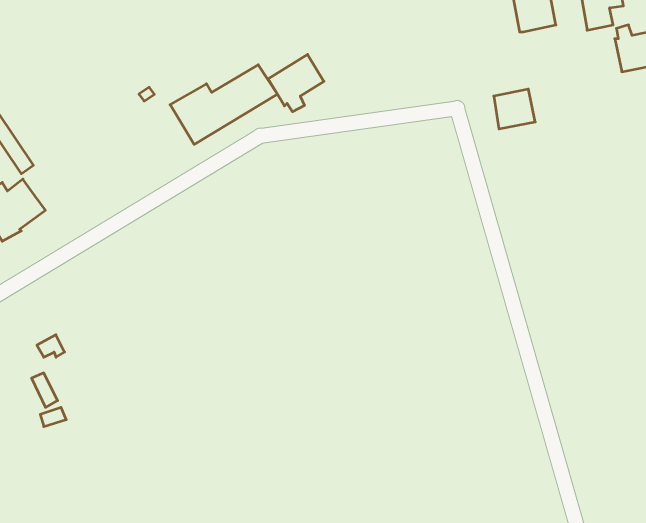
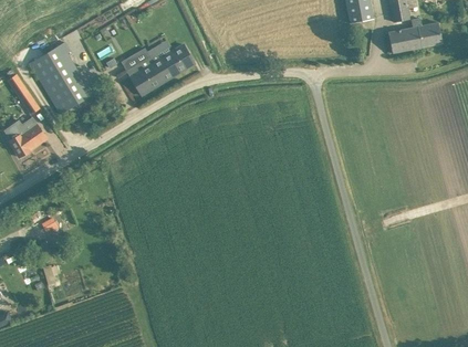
building: [268,54,324,112] -> none
building: none -> [30,41,83,114]
building: [494,89,535,129] -> [388,28,415,53]

